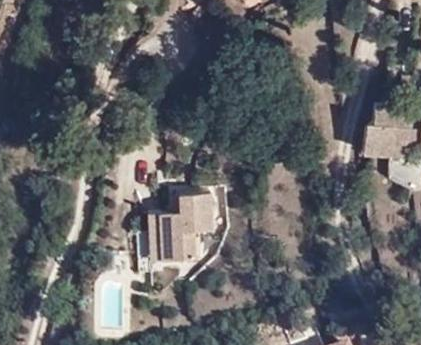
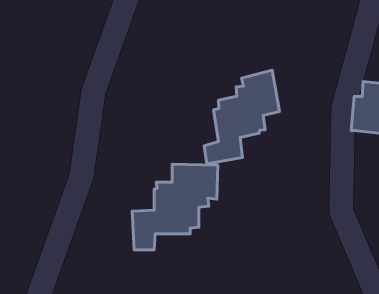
building: none -> [204,70,279,164]

